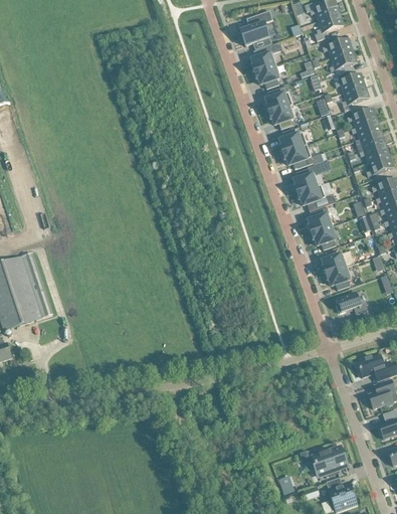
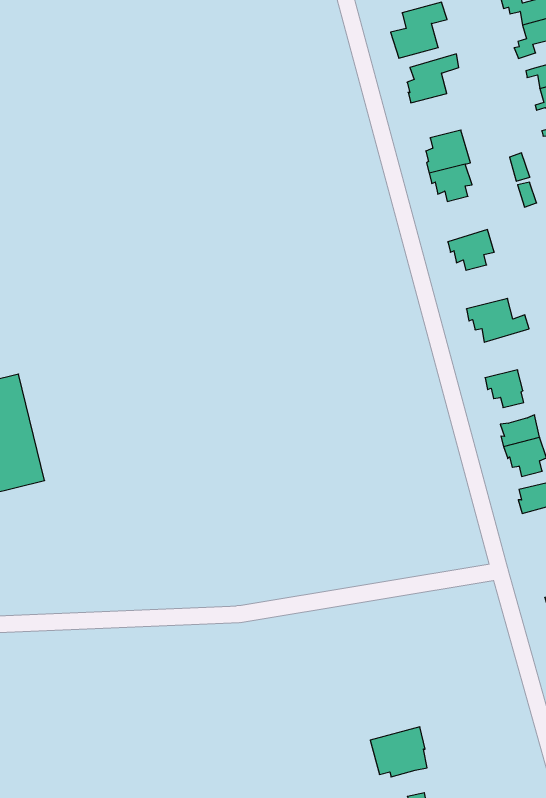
building: [255,64,280,89] -> none
building: [280,128,307,153] -> none
building: [294,168,319,192] -> none
building: [309,207,333,232] -> none
building: [312,445,347,476] -> [370,727,427,777]

